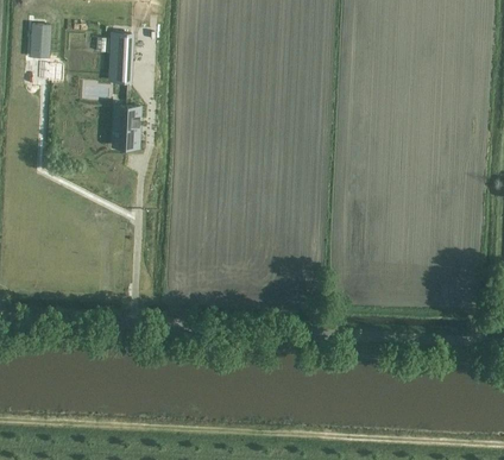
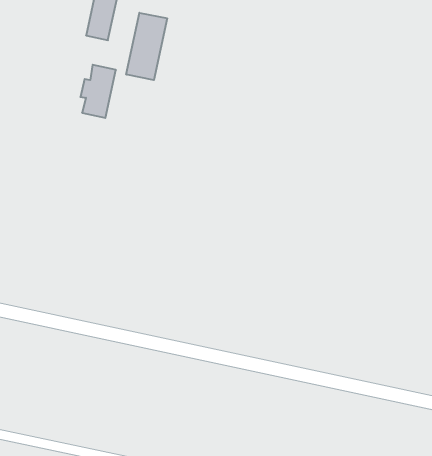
building: none -> [126,13,167,80]

